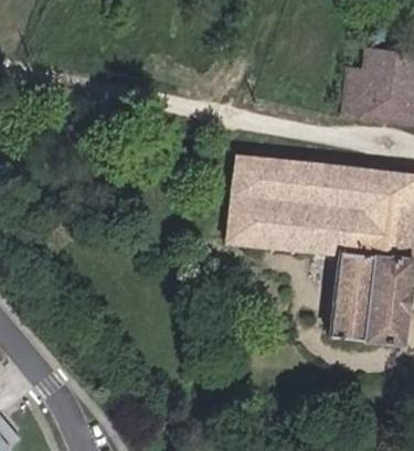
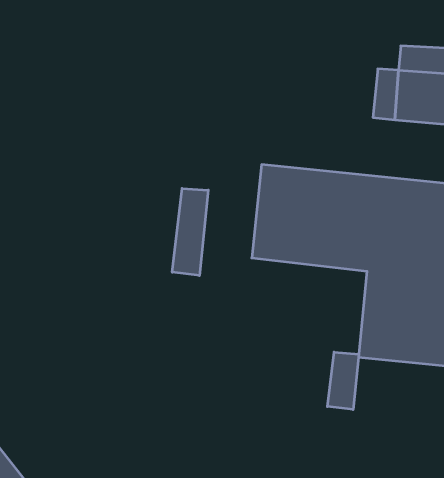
building: none -> [172,188,208,276]
building: none -> [327,352,359,410]

